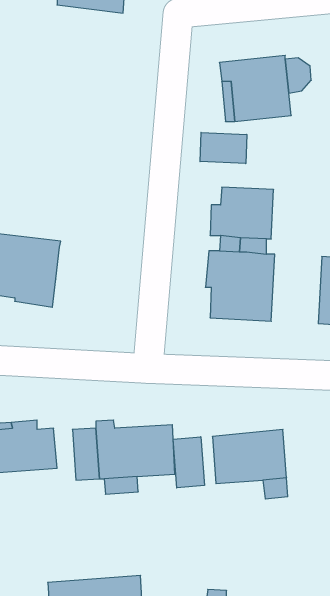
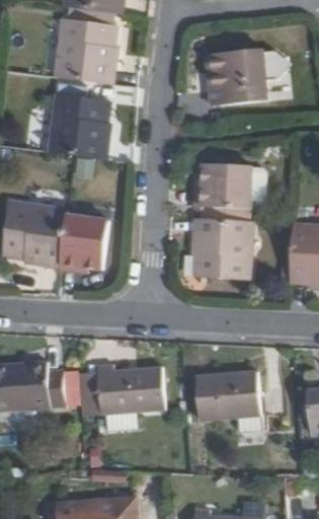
building: none -> [55,9,114,84]
building: none -> [49,94,108,158]
building: [200,132,247,164] -> none
building: none -> [60,214,107,272]
building: [173,437,204,488] -> none

